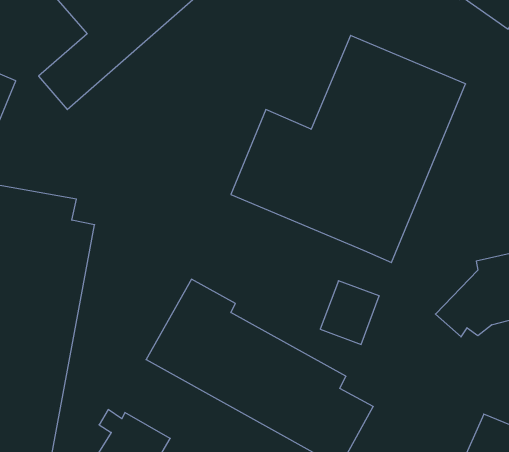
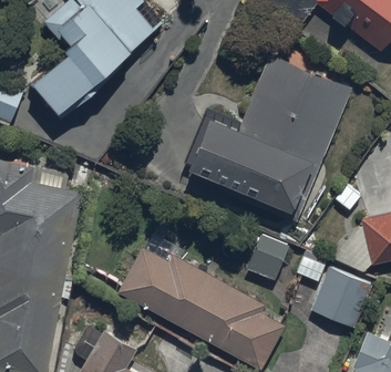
building: none -> [311,266,373,328]

